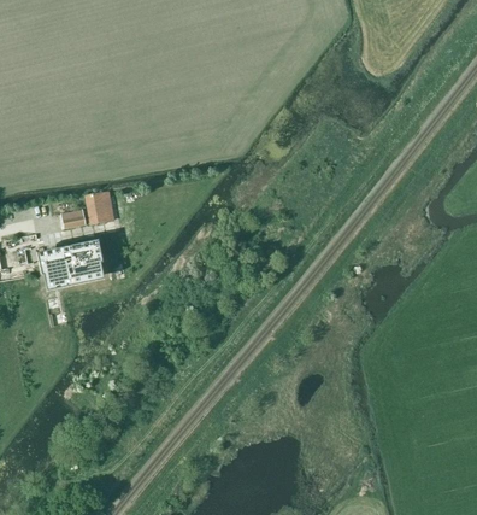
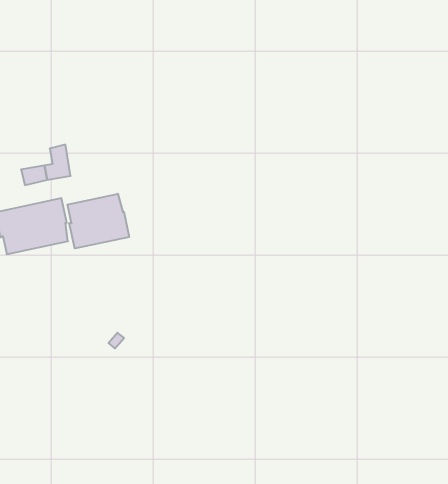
building: none -> [68,194,129,248]

